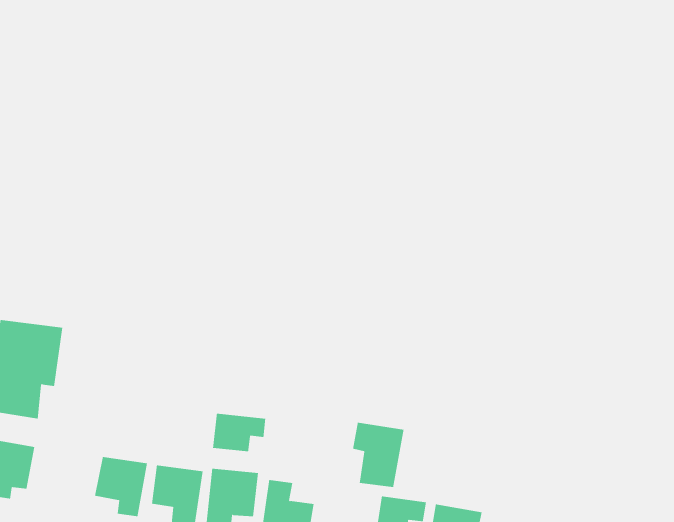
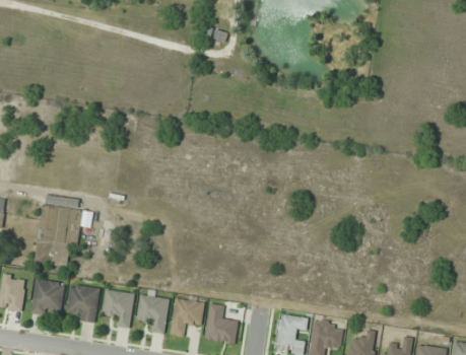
building: [212,413,266,452] -> none
building: [353,422,404,488] -> none
building: none -> [66,283,99,322]

